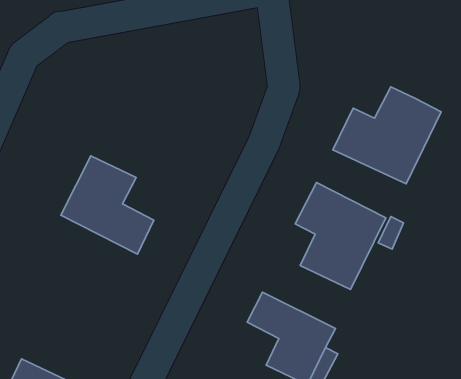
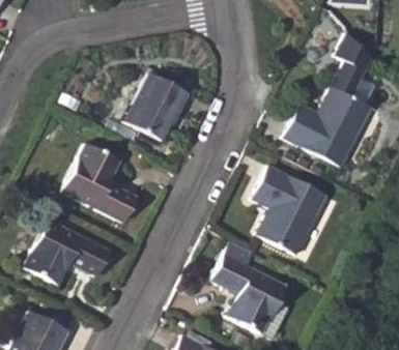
building: none -> [332,29,374,96]
building: none -> [123,67,192,141]
building: none -> [23,221,110,285]

